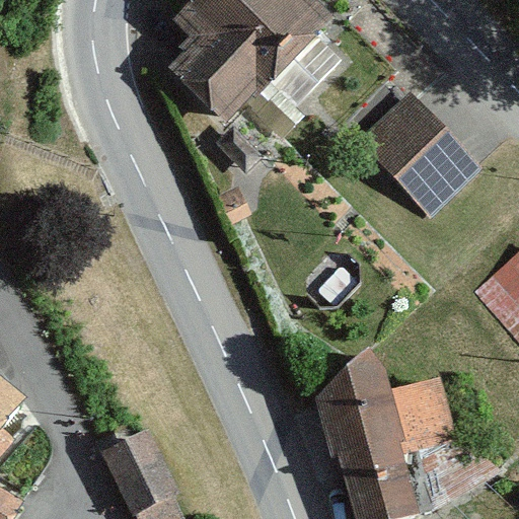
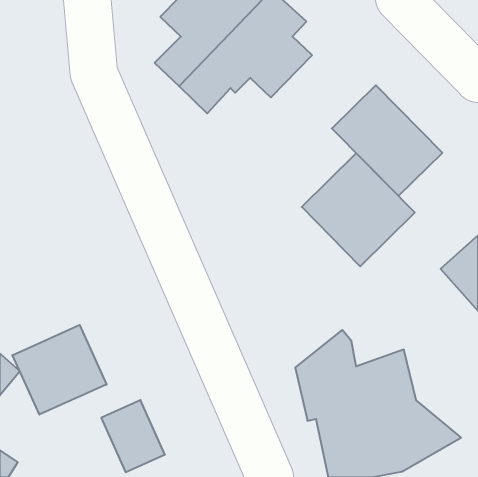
building: none -> [302,153,415,266]
building: none -> [12,325,107,415]

